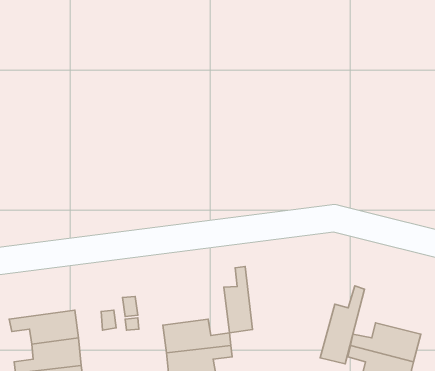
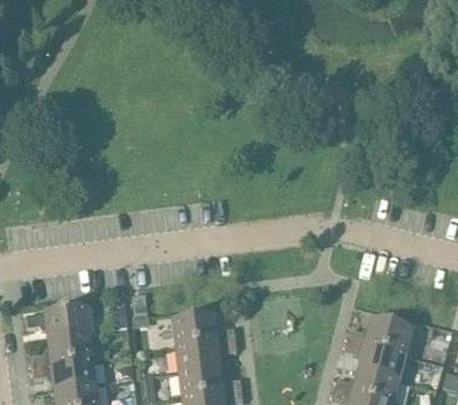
building: [224,267,253,333] -> none
building: [320,286,365,364] -> none

